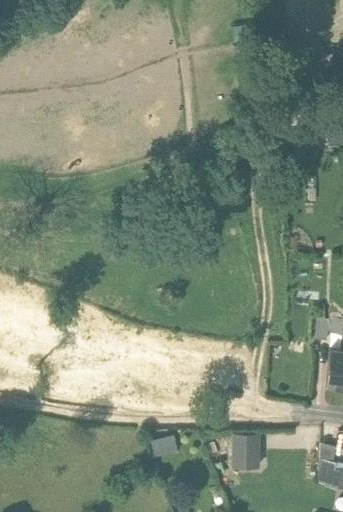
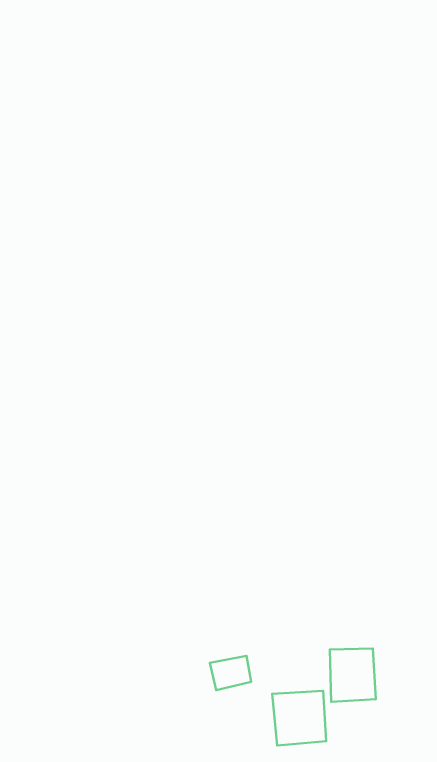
building: none -> [272,691,326,745]

